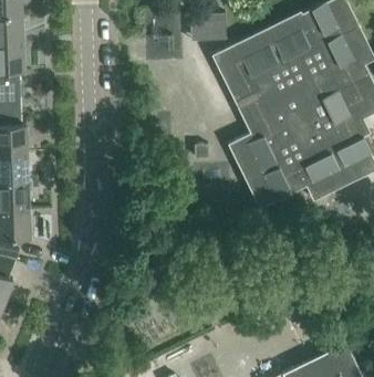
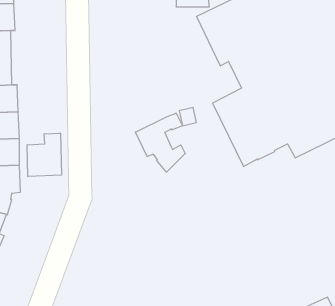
building: none -> [135,113,185,172]
building: none -> [27,133,61,177]

